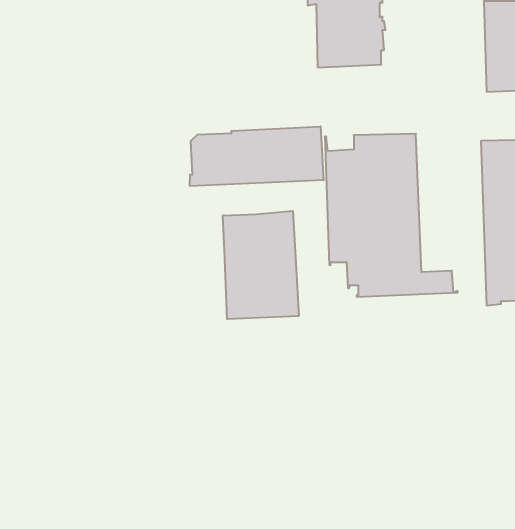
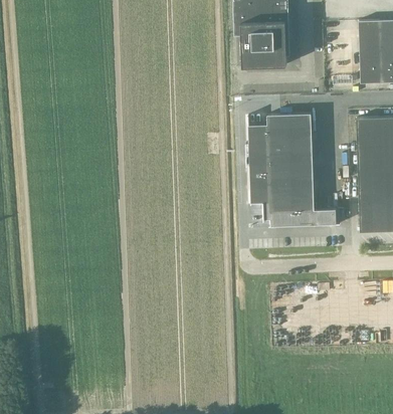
building: [190,126,324,186] -> none
building: [223,211,299,319] -> none

